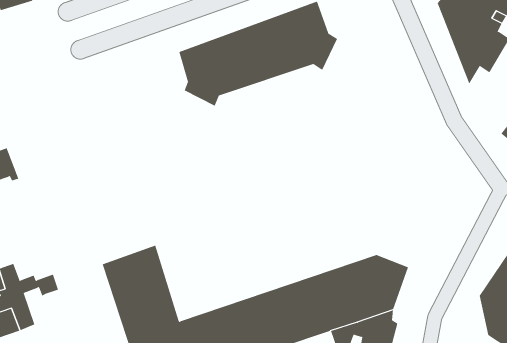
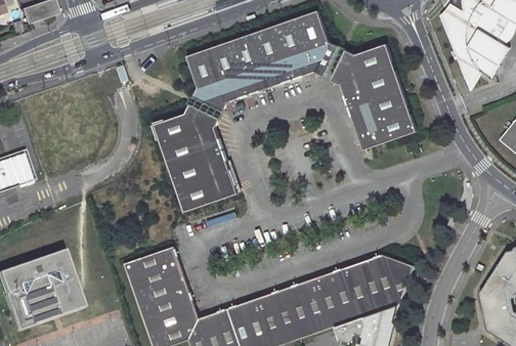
building: none -> [335,44,423,152]
building: none -> [156,103,242,214]
building: none -> [35,249,73,276]
building: none -> [45,284,87,318]

